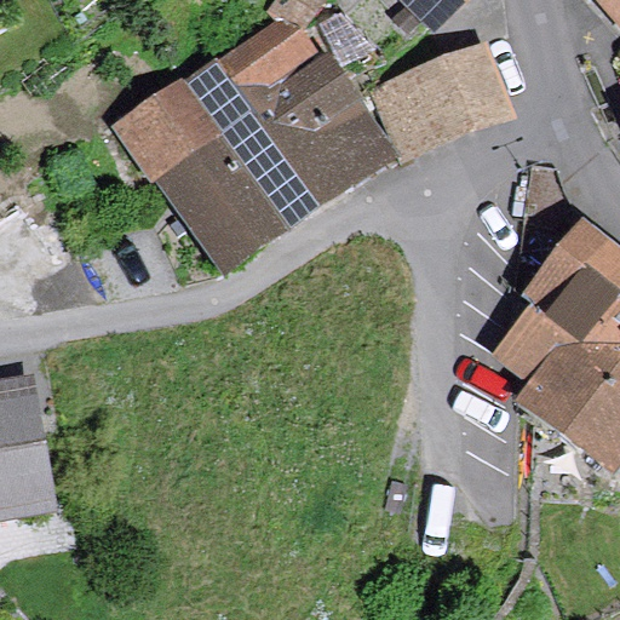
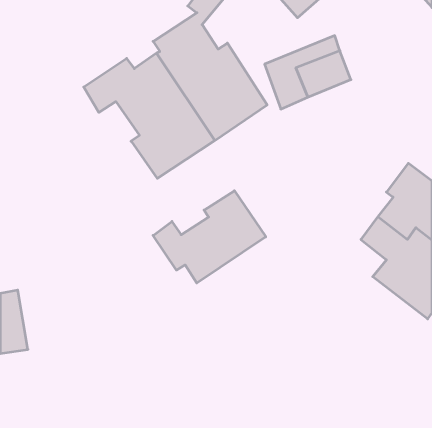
building: none -> [153,191,266,283]

